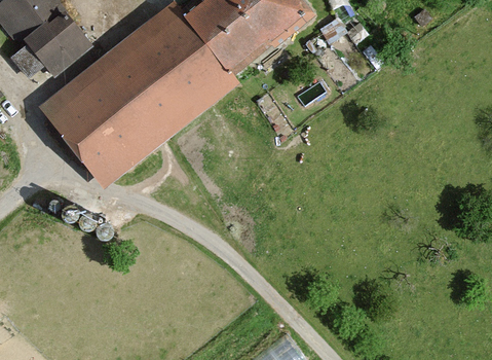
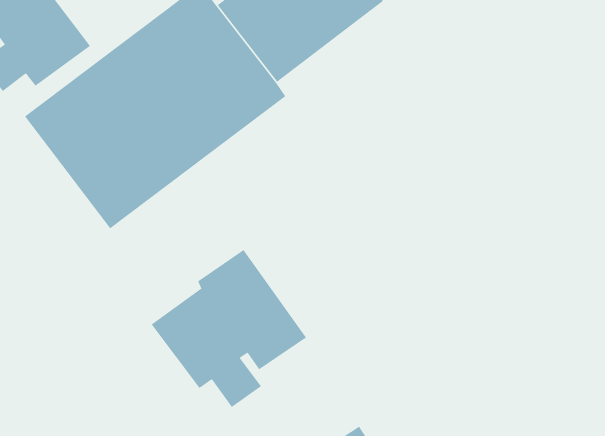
building: none -> [151,249,307,408]

